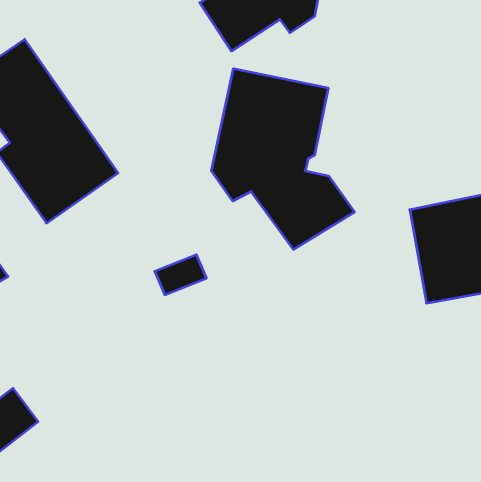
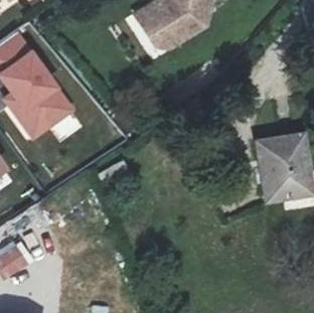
building: [211,69,354,249] -> none

